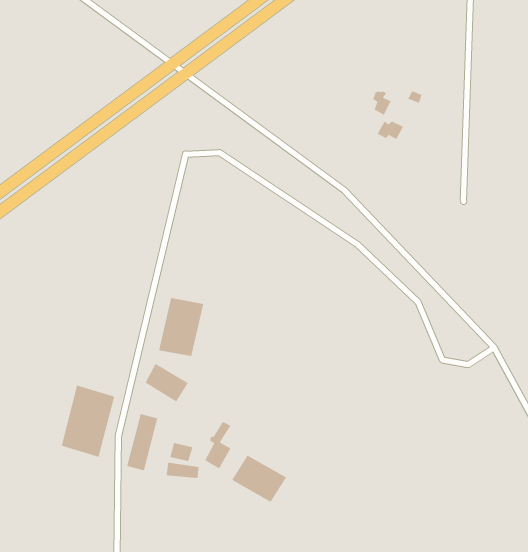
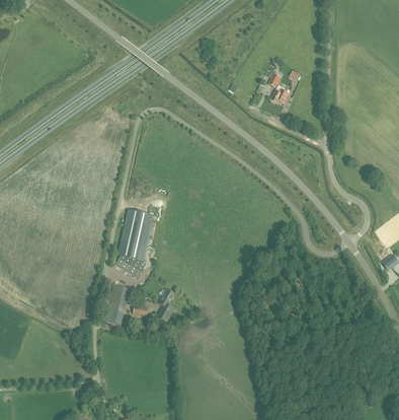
building: [61,384,115,458] -> none
building: [231,455,287,503] -> none

